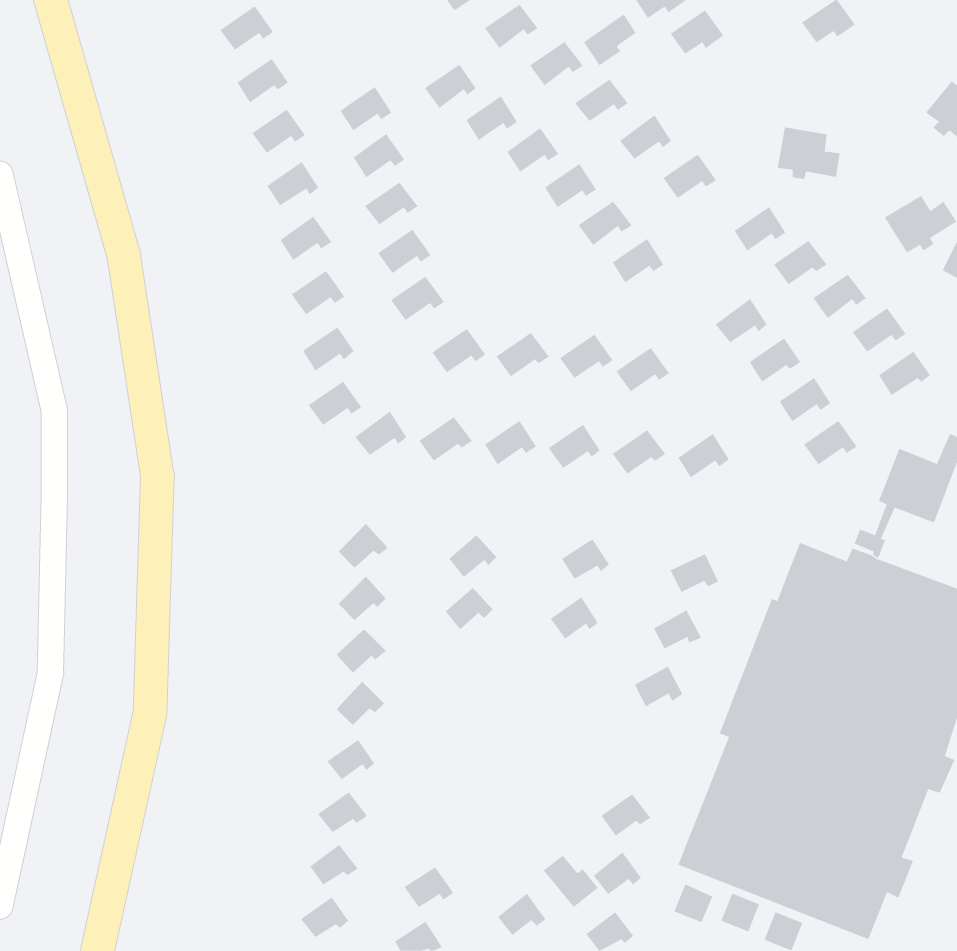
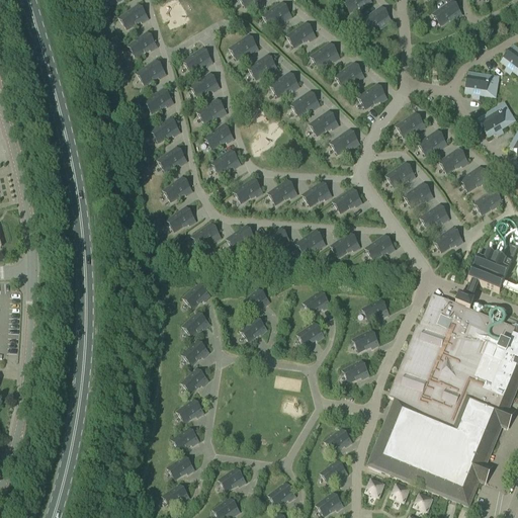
building: [583,14,636,66] -> none
building: [777,127,841,179] -> [464,70,499,98]
building: [543,855,599,908] -> none

